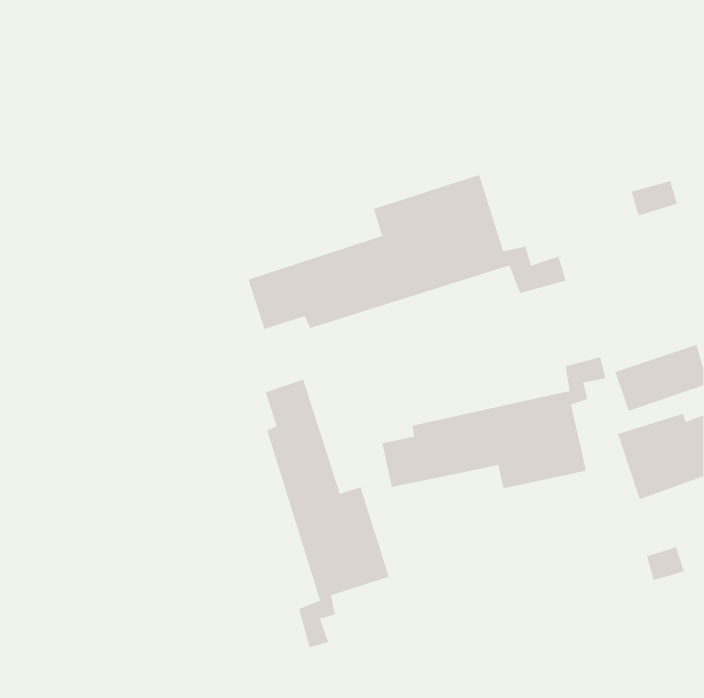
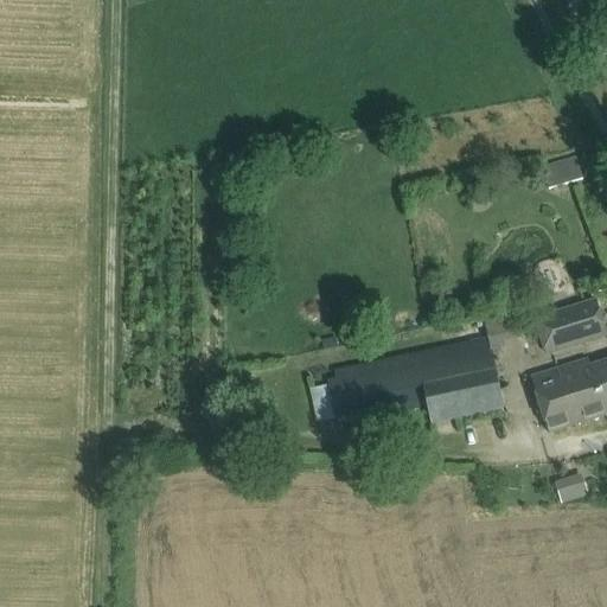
building: [248,174,566,330] -> none
building: [265,379,390,648] -> none

